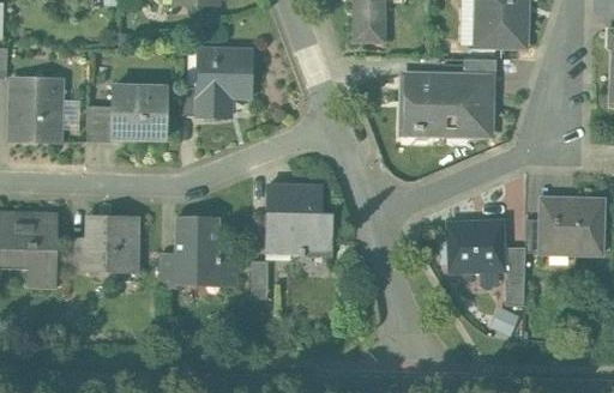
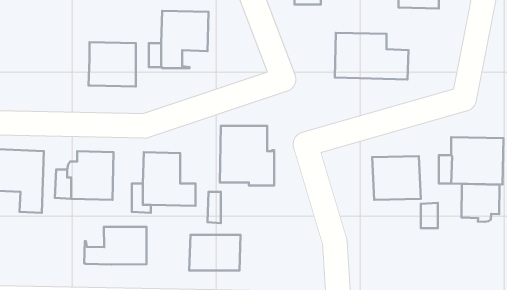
building: [463,59,496,96] -> none
building: [11,79,60,143] -> none
building: [86,105,112,143] -> none
building: none -> [461,184,500,222]
building: none -> [84,227,146,264]
building: none -> [189,235,241,271]

